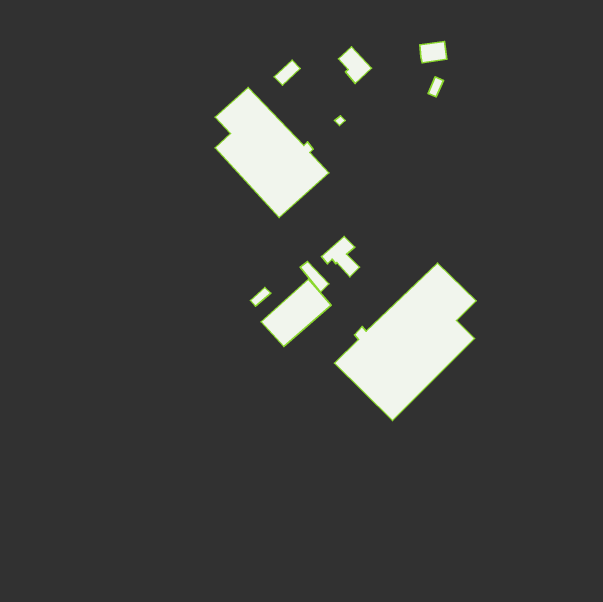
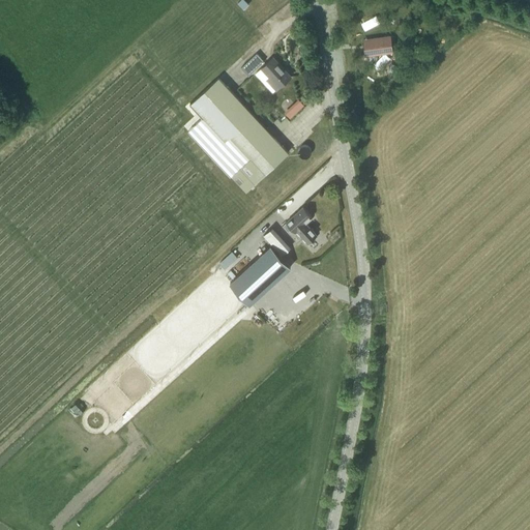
building: [339,47,372,84] -> [260,59,289,91]
building: [334,263,476,421] -> none

